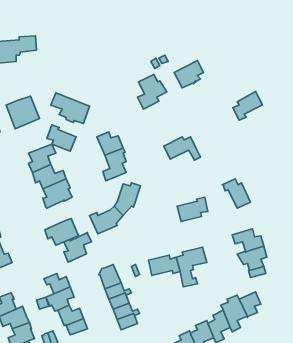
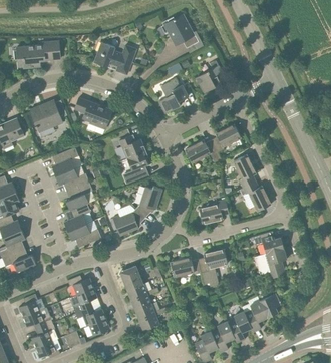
building: none -> [160,14,197,48]
building: none -> [93,42,135,74]
building: [233,92,262,120] -> [211,124,240,152]
building: [47,125,76,151] -> none
building: none -> [232,154,255,188]
building: [64,233,92,262] -> [63,203,90,232]

